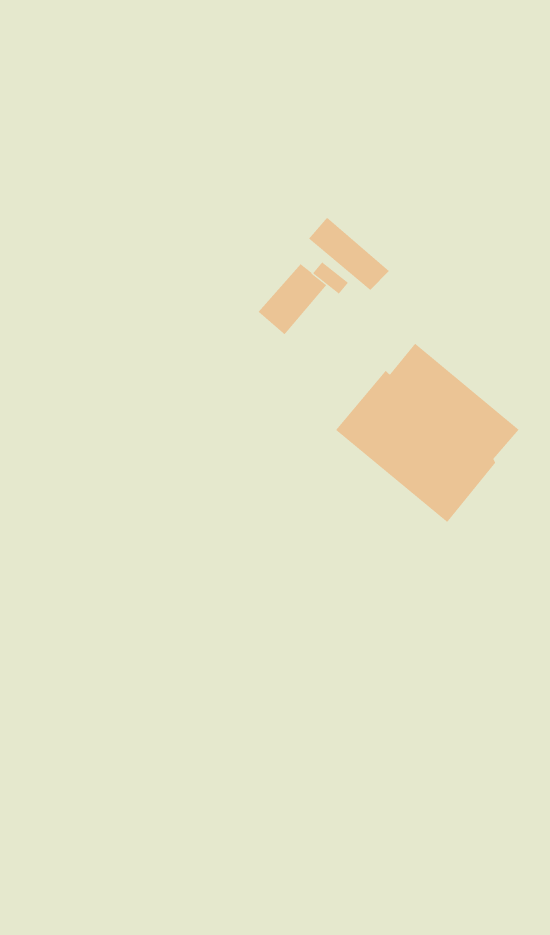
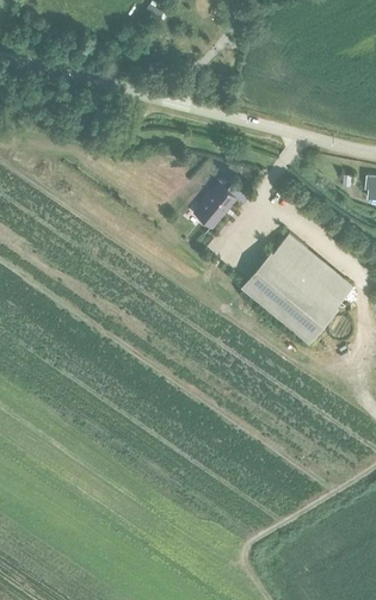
building: [308,217,390,291] -> none

